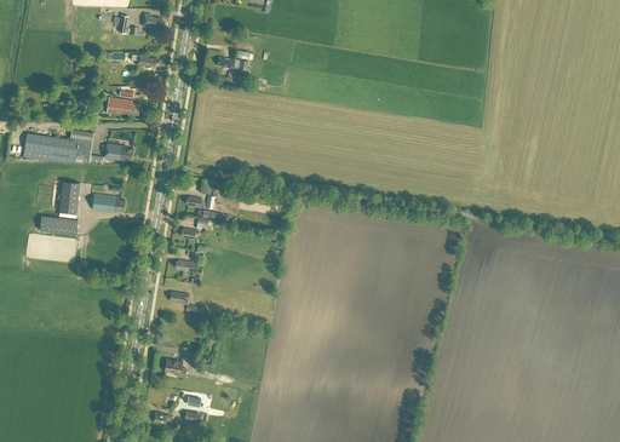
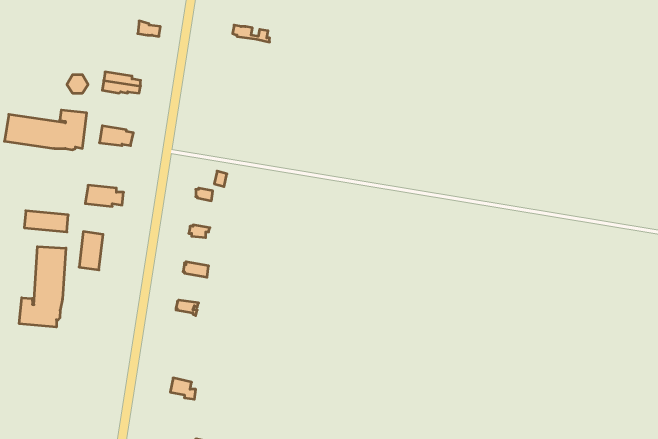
building: [58,179,79,212] -> [79,232,103,270]
building: none -> [19,247,66,327]

